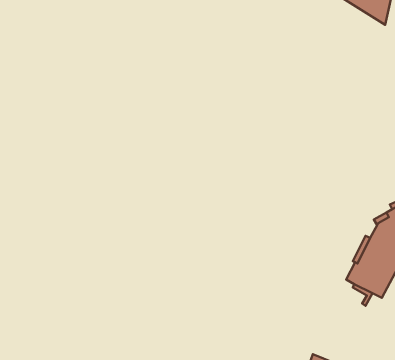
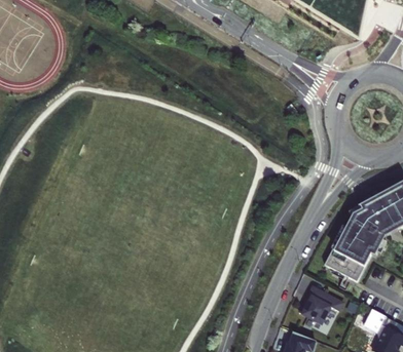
building: none -> [299,287,342,324]

